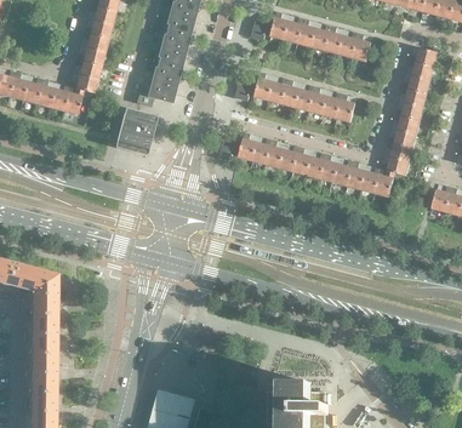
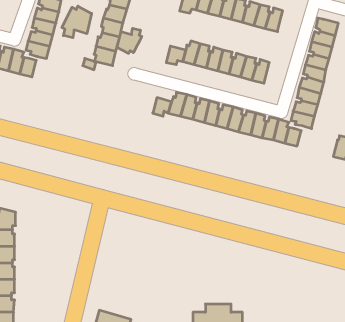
building: none -> [62,6,92,38]
building: none -> [117,28,142,53]
building: [115,109,158,154] -> none

